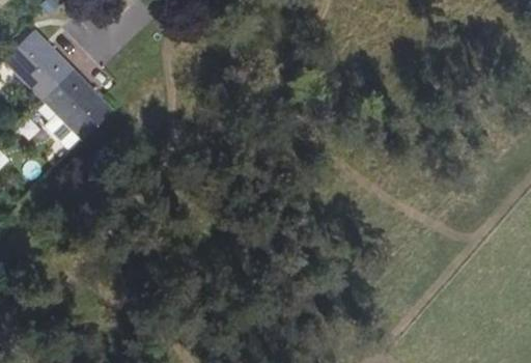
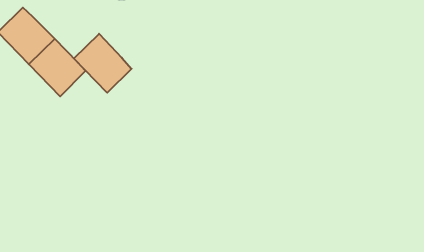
building: none -> [74,34,132,93]

